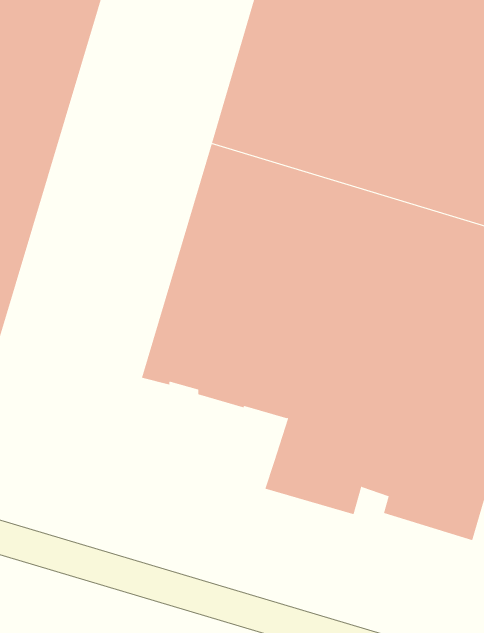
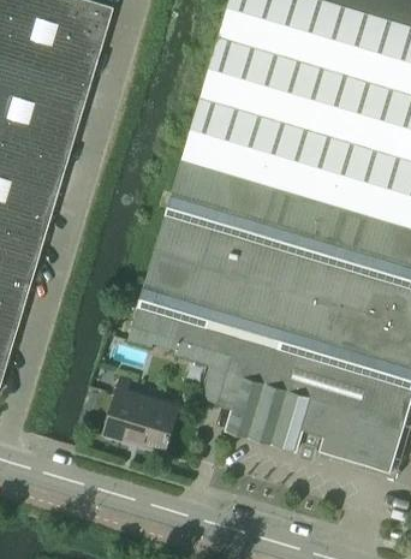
building: none -> [201,364,244,429]
building: none -> [105,388,177,451]

